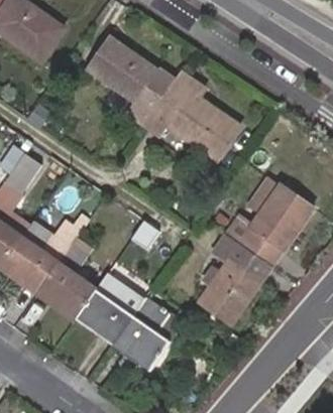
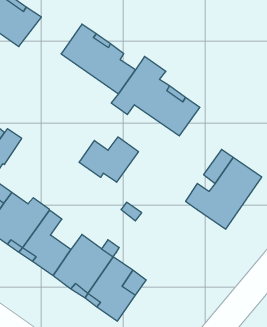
building: none -> [79,137,138,182]
building: [199,233,271,322] -> none

